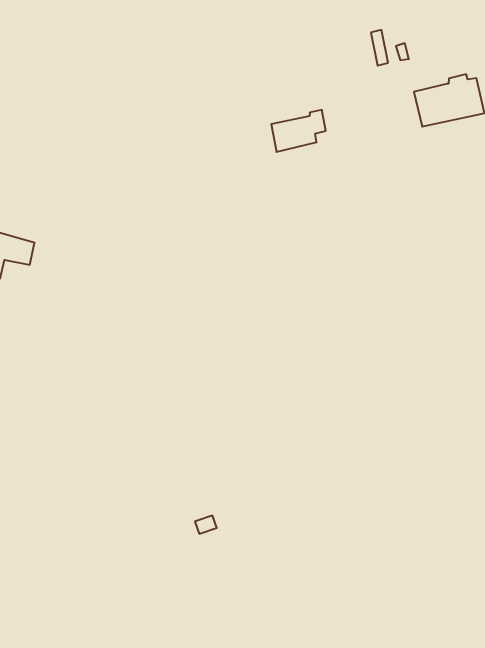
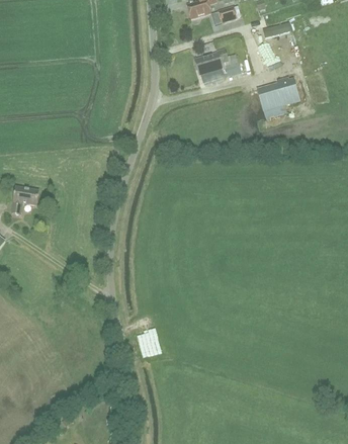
building: [271,110,326,152] -> [195,50,228,76]

